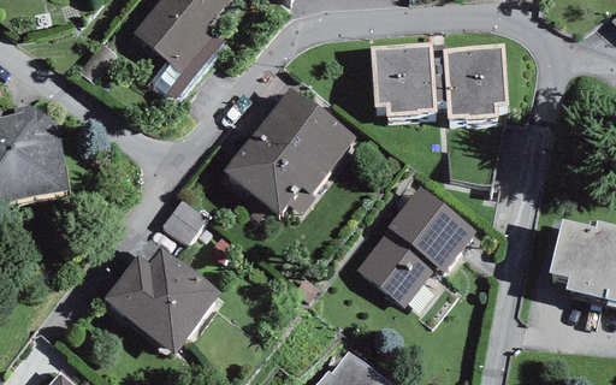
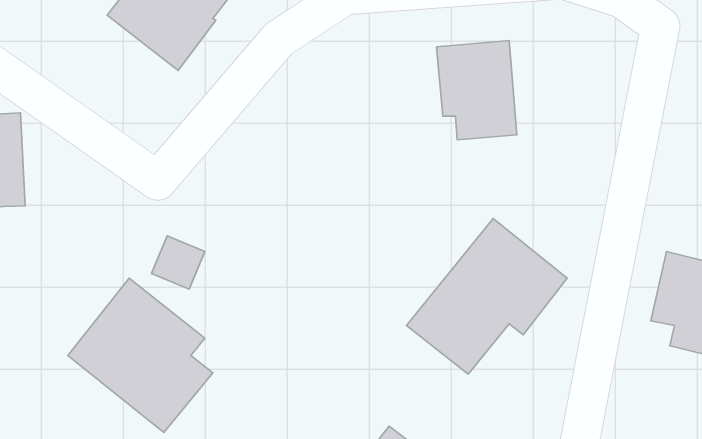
building: [450,59,511,131] -> none
building: [221,91,346,220] -> none

